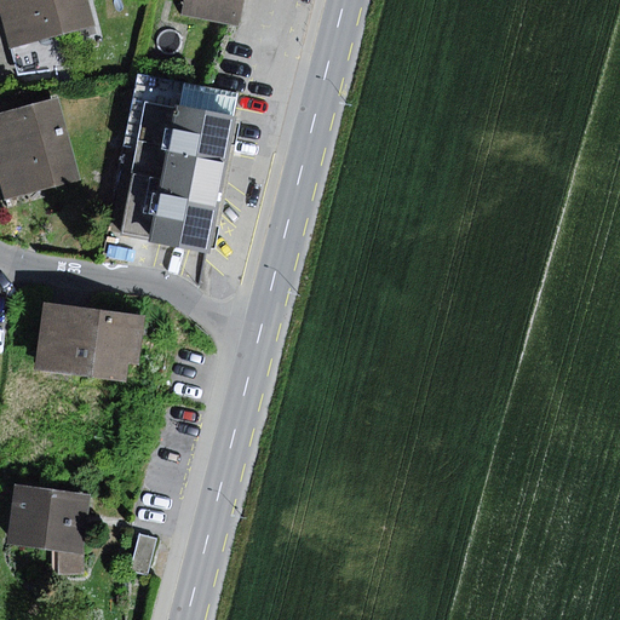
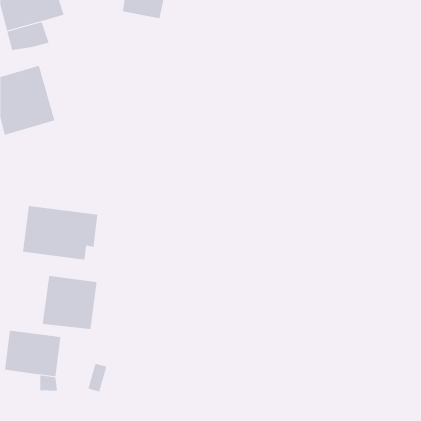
building: [119,74,239,253] -> none
building: none -> [42,275,97,330]

